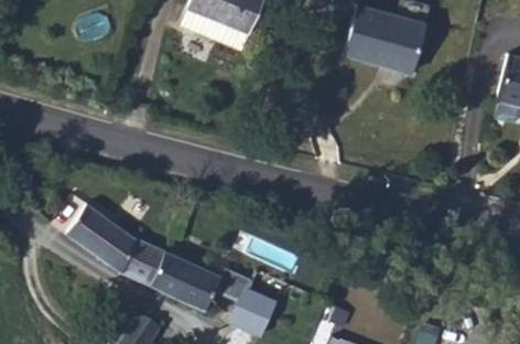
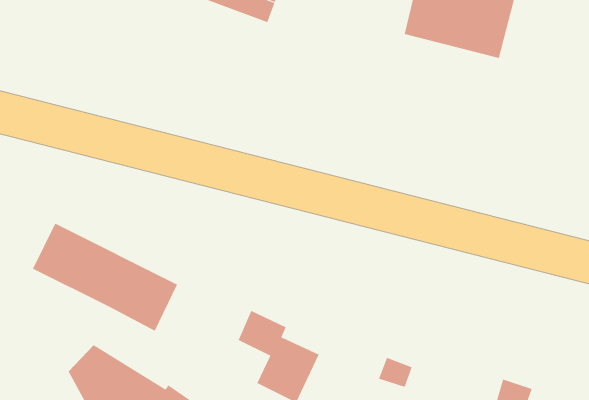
building: [151,249,223,312] -> none

